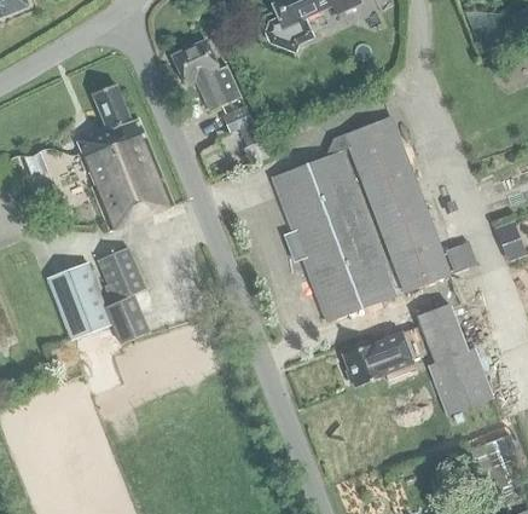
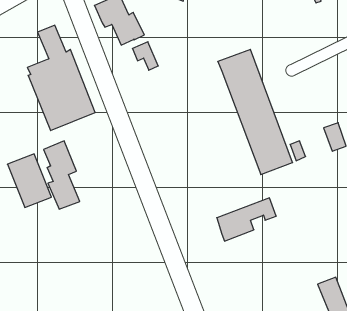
building: [272,151,394,322] -> none
building: [416,302,493,416] -> none

